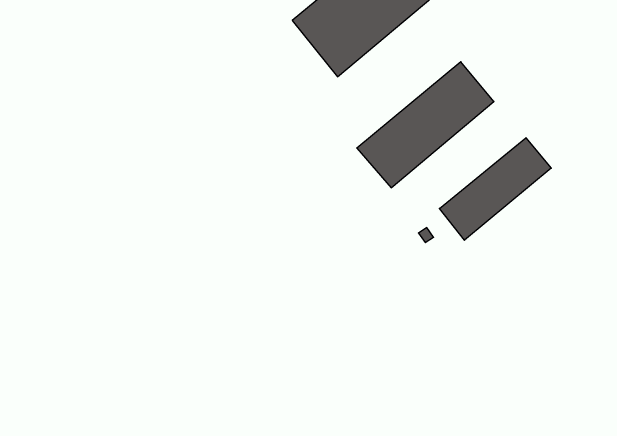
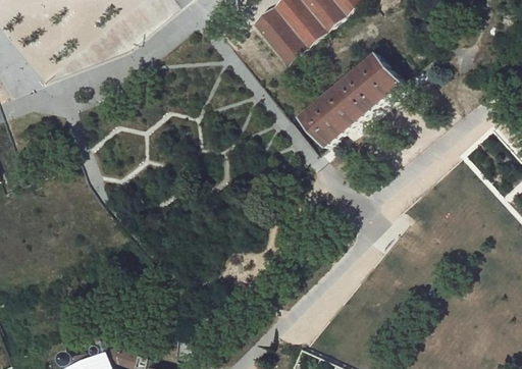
building: [439,138,551,240] -> none

